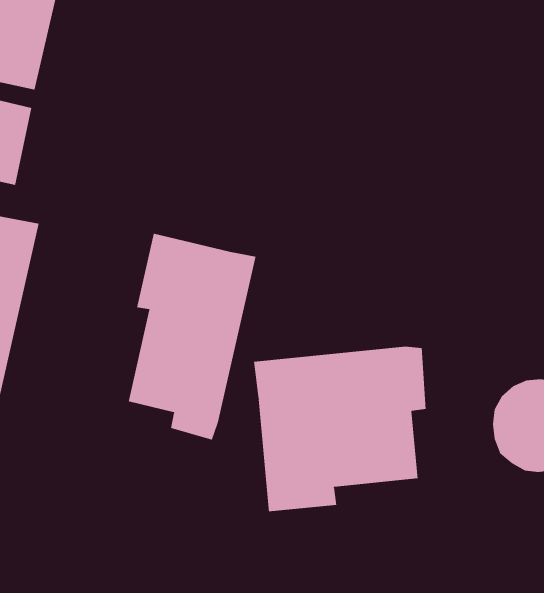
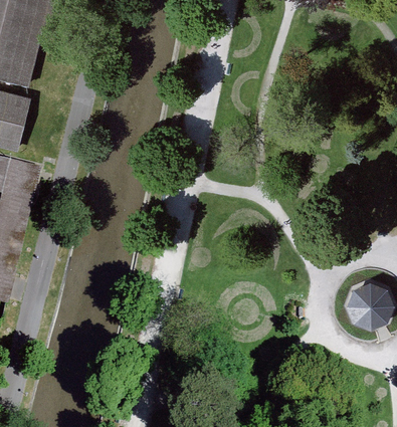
building: [128,233,256,440] -> none
building: [254,346,426,512] -> none

